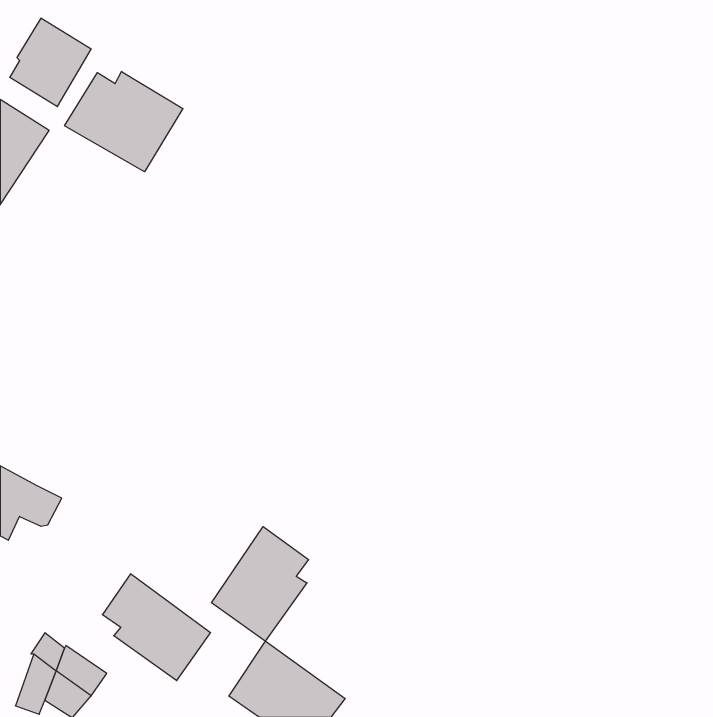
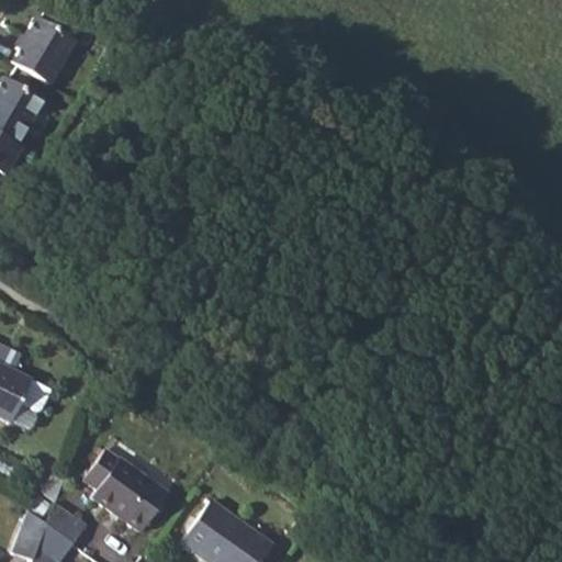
building: [65,71,183,172] -> none
building: [211,527,309,641] -> none

